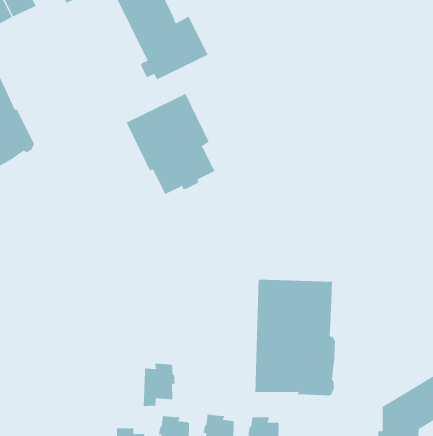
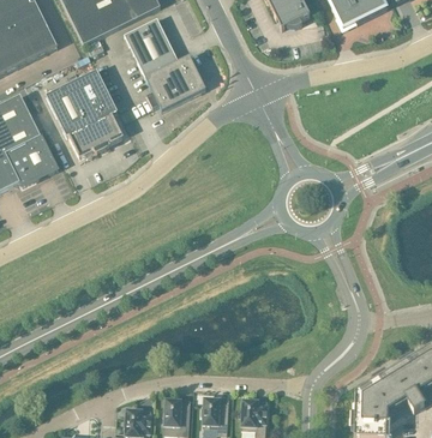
building: [126,93,215,195] -> [47,70,124,157]
building: [255,279,336,396] -> none
building: [143,362,175,407] -> none

